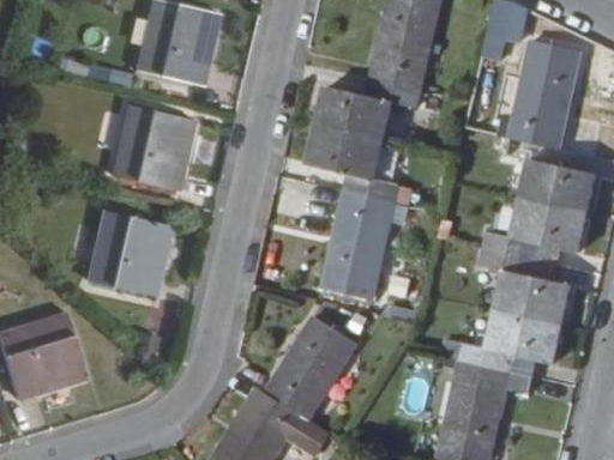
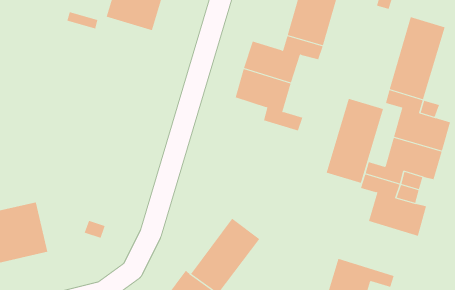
building: [113,103,191,188] -> none
building: [326,189,396,298] -> [326,98,384,184]
building: [90,208,168,295] -> none
building: [457,310,559,379] -> none

